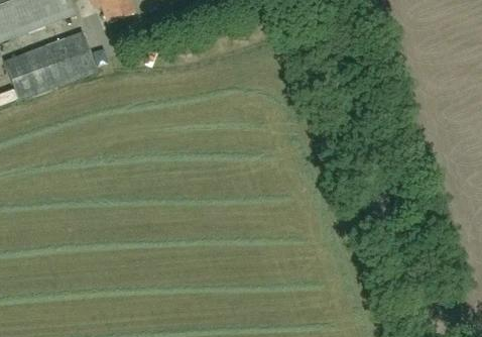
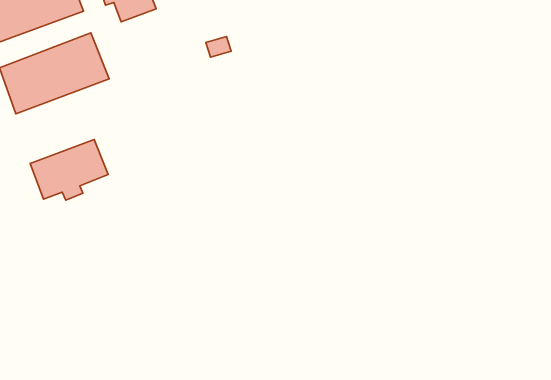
building: none -> [30,140,108,200]

